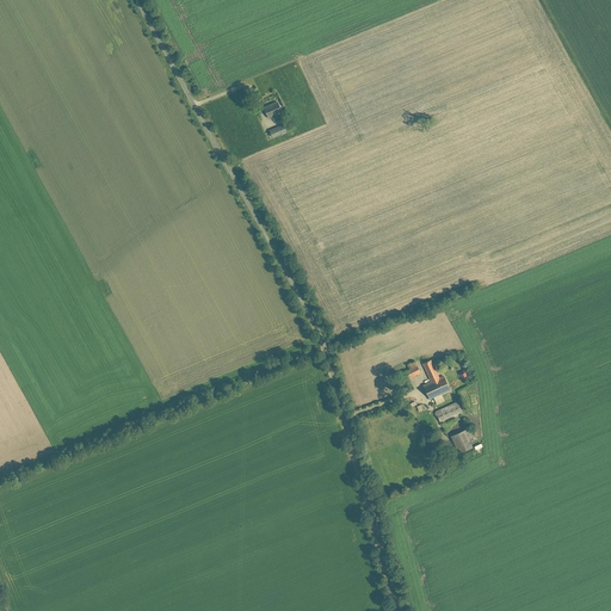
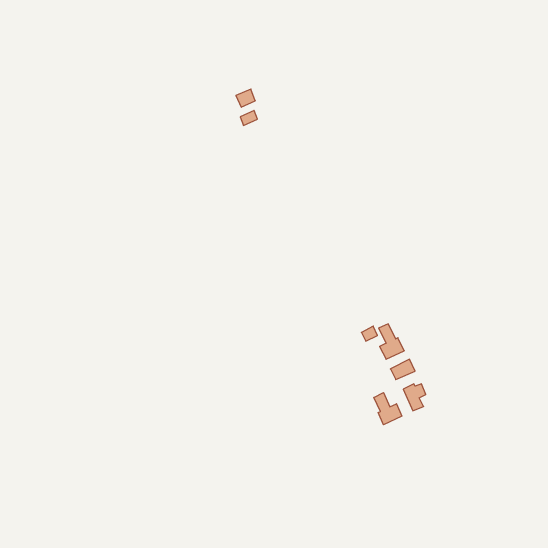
building: none -> [374,393,402,425]

